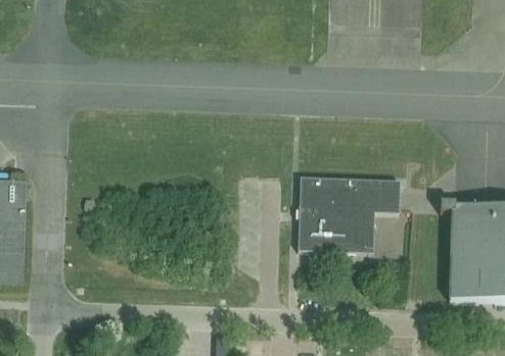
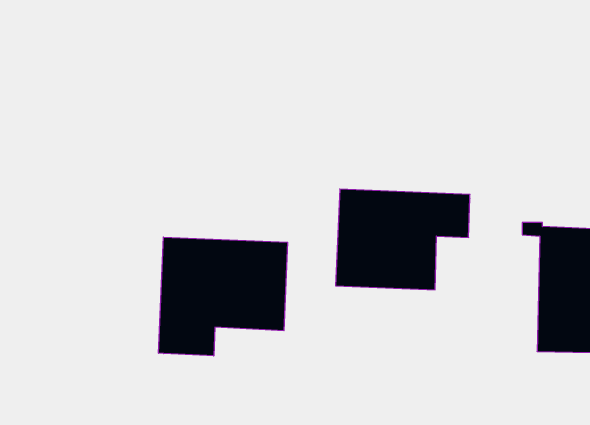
building: none -> [159,237,288,356]

